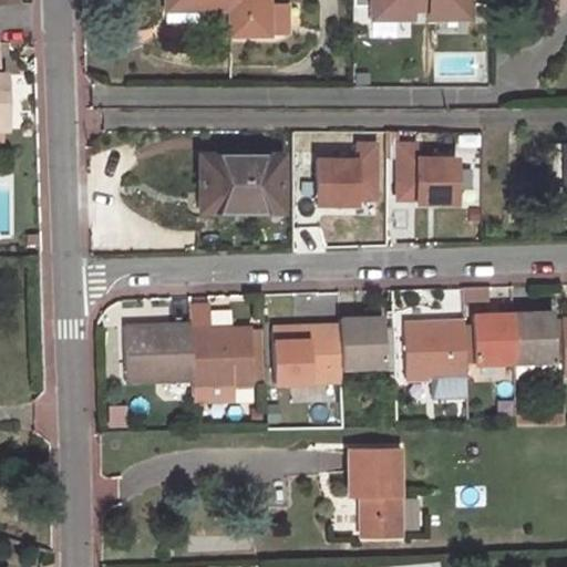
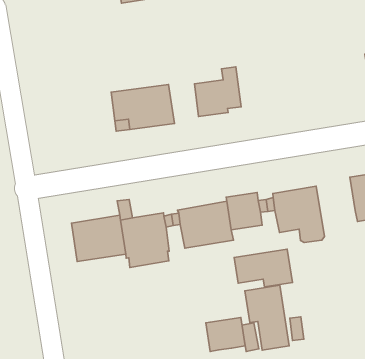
building: [400,143,460,202] -> none
building: [474,313,515,361] -> none
building: none -> [234,249,292,287]
building: none -> [206,317,245,351]

